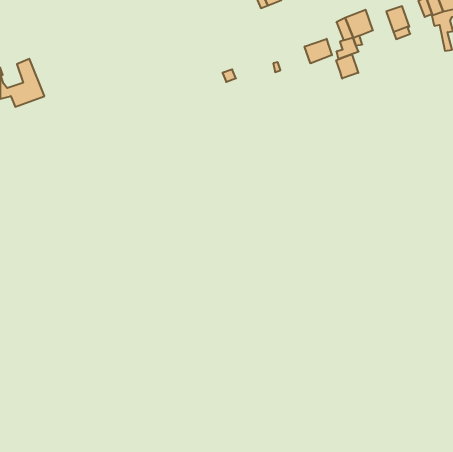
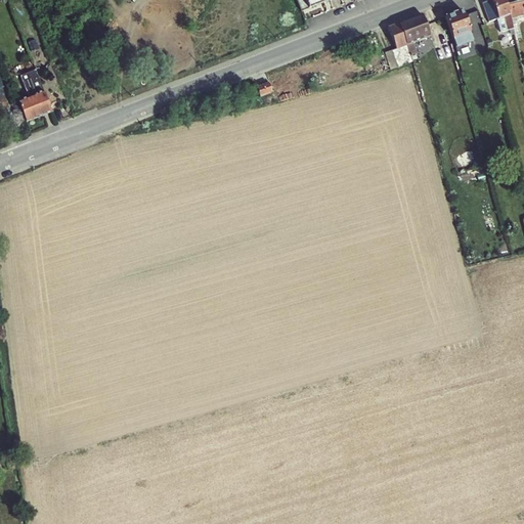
building: [305,39,332,63] -> none
building: [336,54,358,79] -> none

